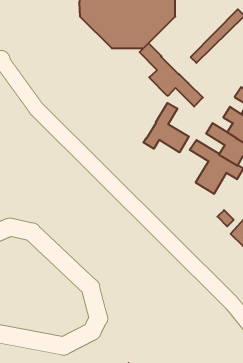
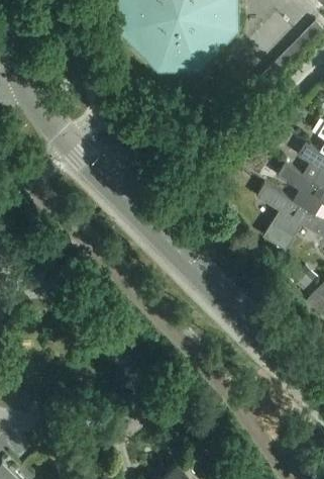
building: [140,43,203,107] -> none
building: [143,103,189,152] -> none

